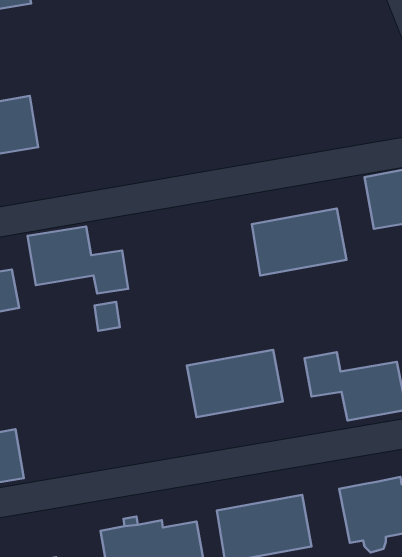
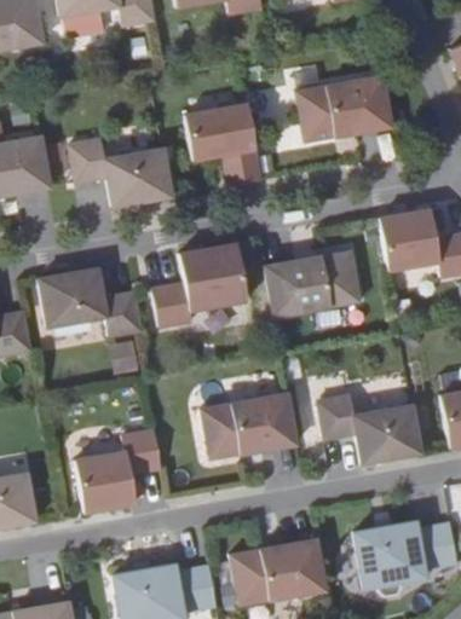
building: none -> [296,75,392,141]
building: none -> [185,103,263,185]
building: none -> [71,137,173,207]
building: none -> [136,245,229,330]
building: none -> [75,429,162,511]

